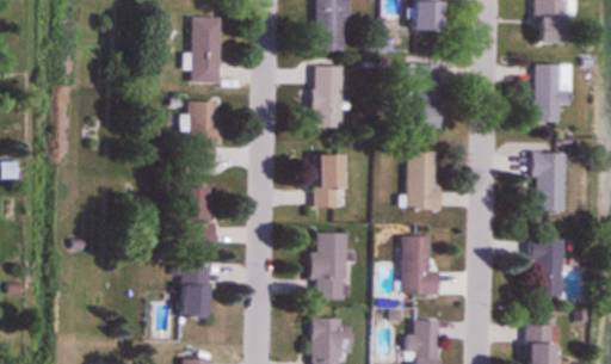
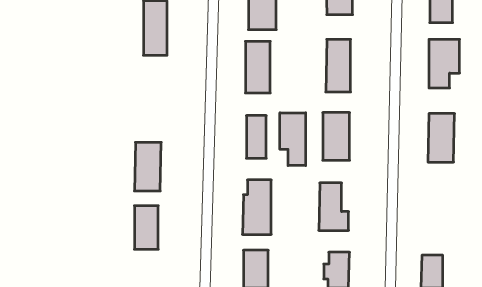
building: [187,100,217,166] -> none
building: none -> [280,113,306,166]
building: [530,239,563,297] -> none

